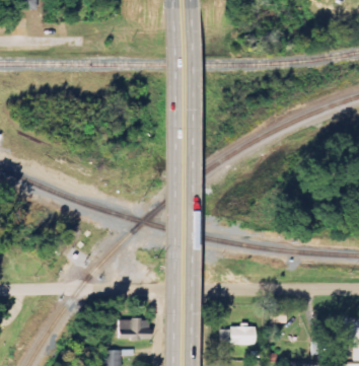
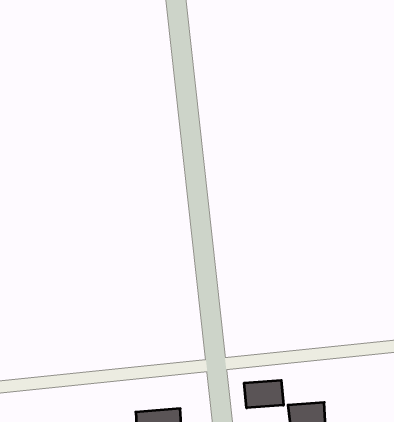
building: none -> [244,380,283,408]

